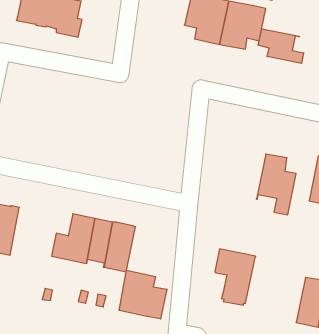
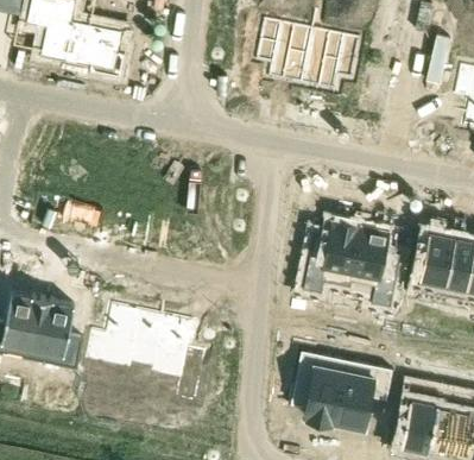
building: [258,29,304,63] -> none
building: none -> [303,221,360,291]
building: none -> [31,296,83,367]
building: none -> [334,359,392,427]
building: [119,270,167,319] -> none

